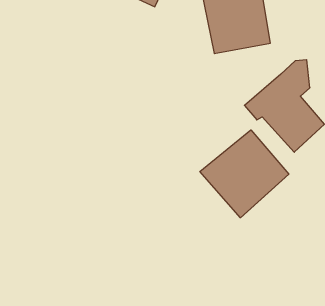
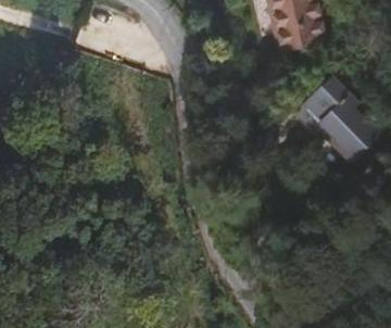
building: [200,130,289,218] -> none

